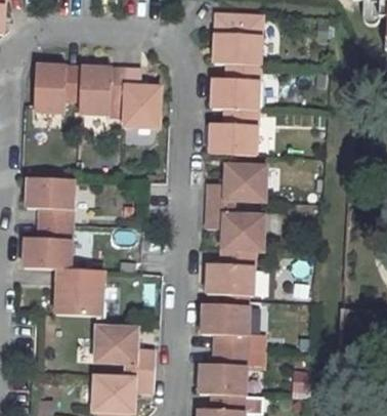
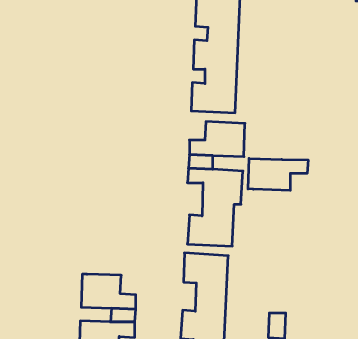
building: [33,68,160,128] -> none
building: [23,178,101,315] -> none
building: none -> [248,158,308,190]

